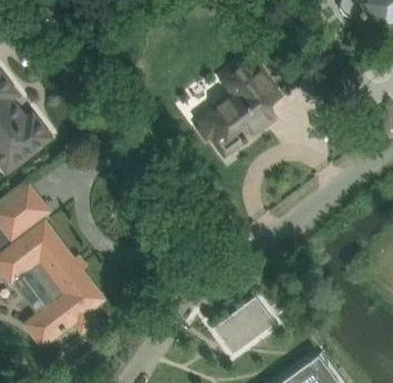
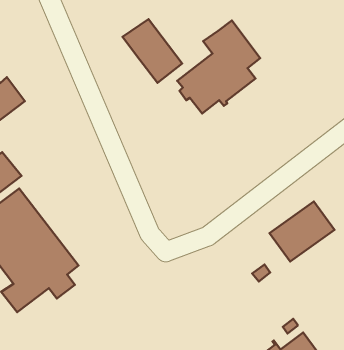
building: none -> [123,19,182,83]
building: [214,297,277,355] -> [270,202,334,262]

